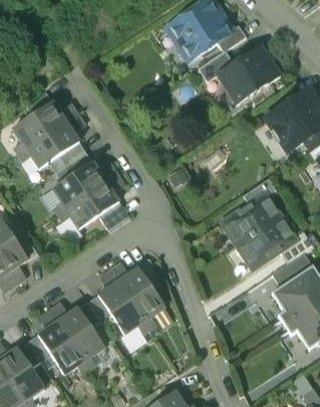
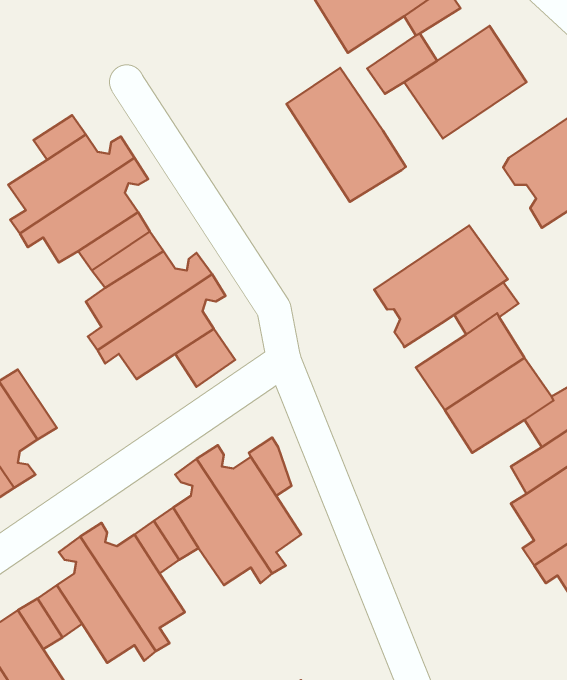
building: none -> [286,68,406,202]
building: none -> [374,226,508,347]

